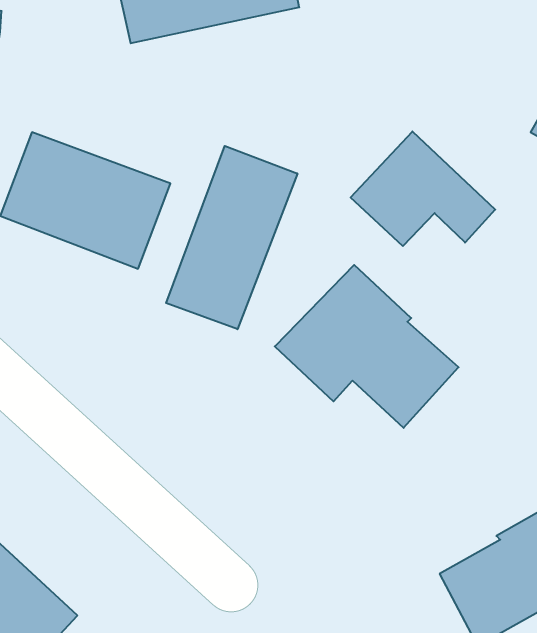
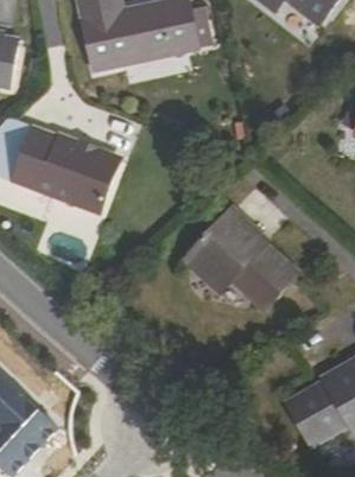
building: [351,131,495,246] -> none
building: [166,146,297,329] -> none

